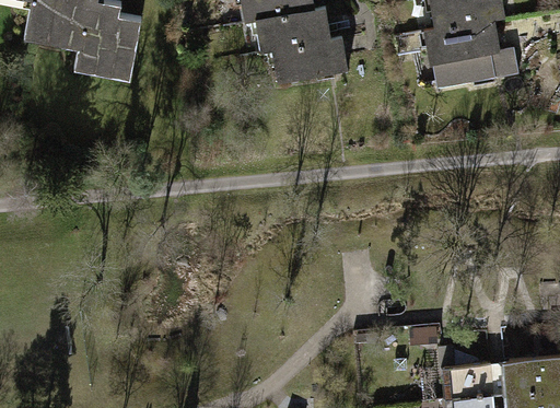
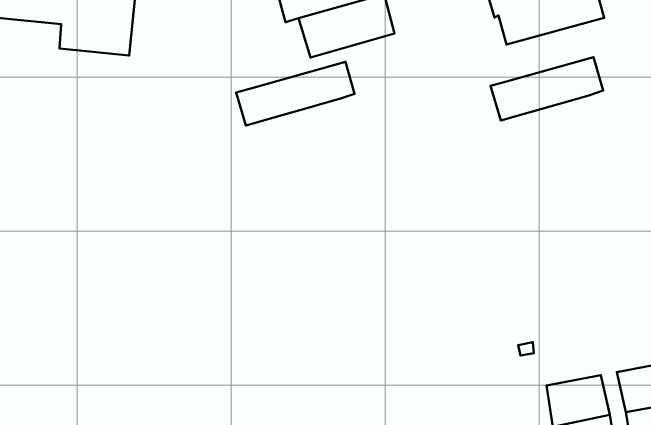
building: none -> [236,62,355,125]
building: none -> [490,57,603,120]

